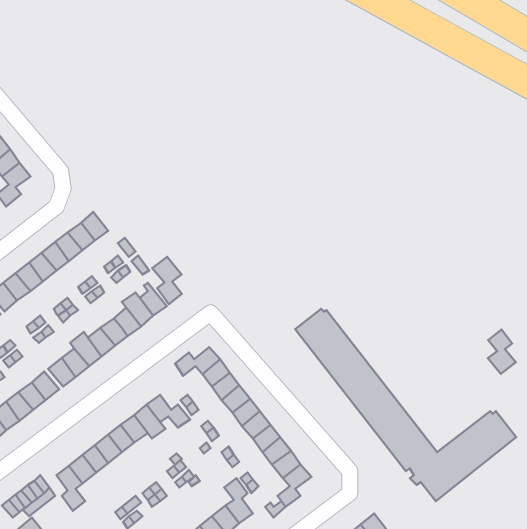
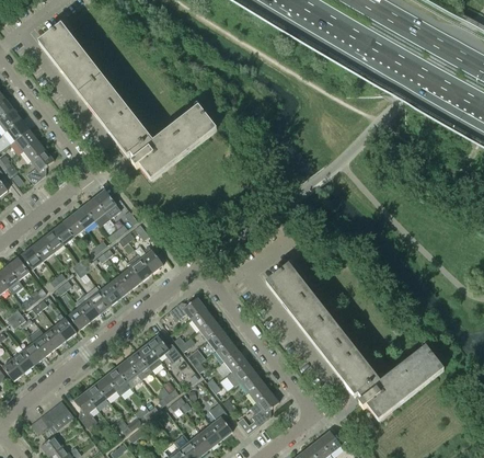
building: none -> [39,26,217,181]
building: [152,257,182,304] -> none
building: [488,329,516,374] -> none

